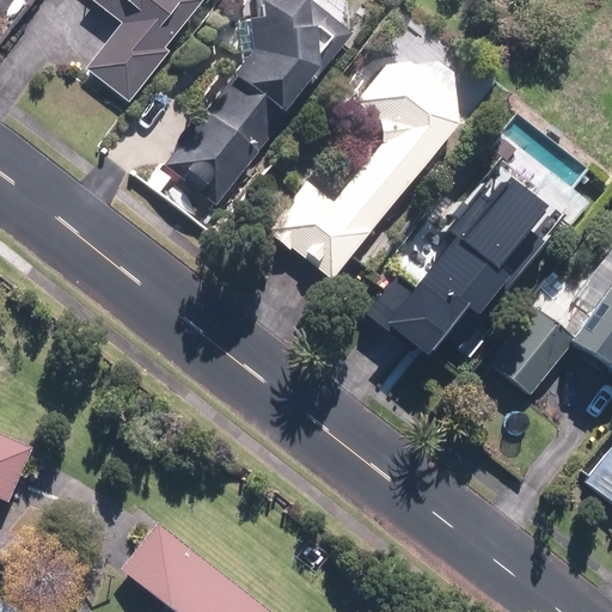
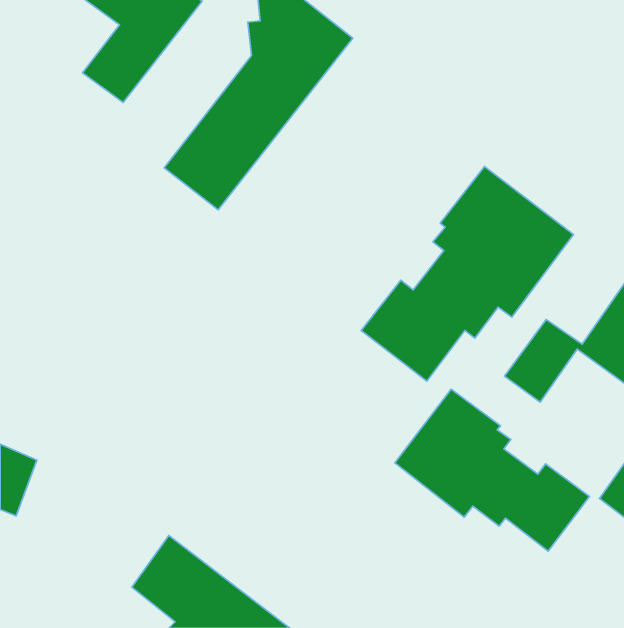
building: [269,68,452,280] -> none
building: none -> [395,389,589,551]

